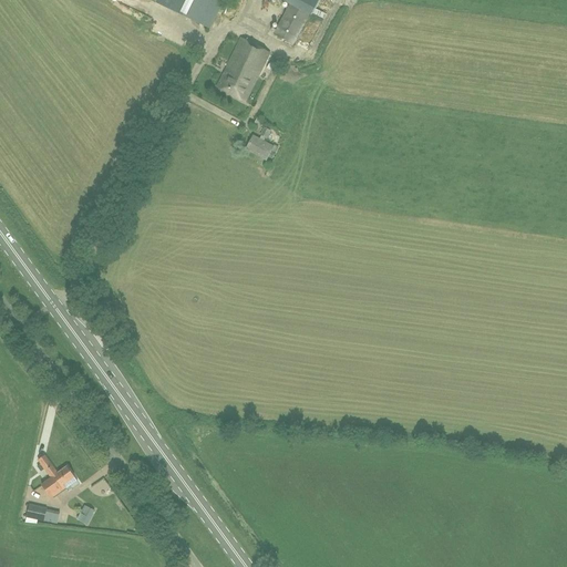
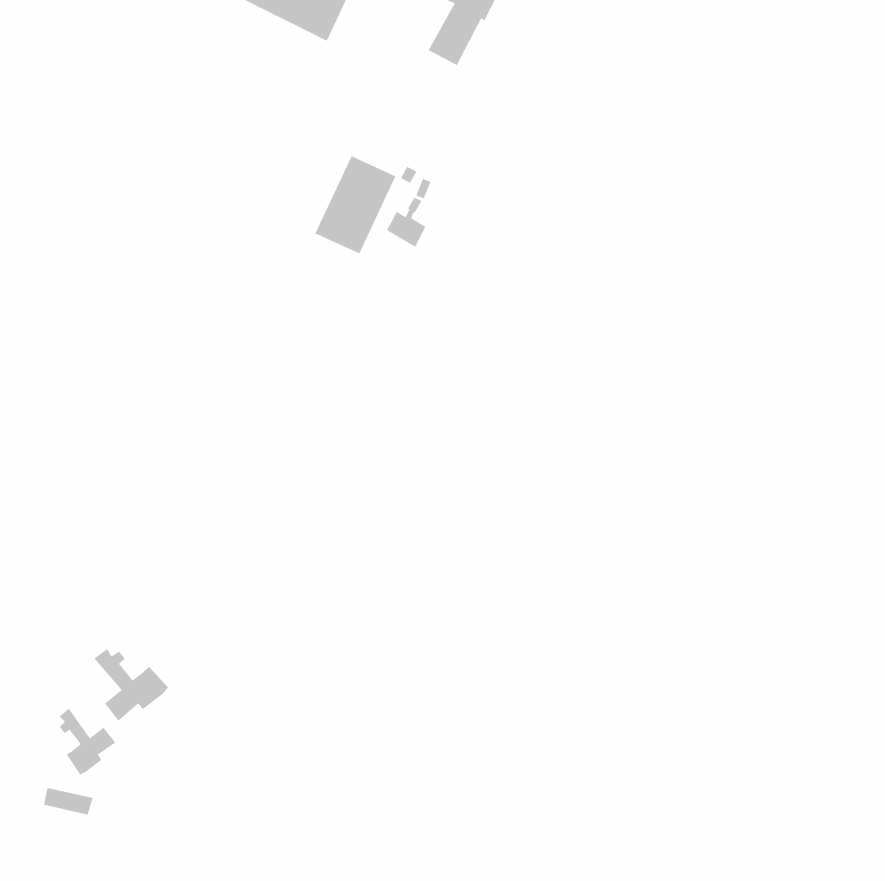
building: [217,37,269,100] -> [315,156,396,254]
building: none -> [94,648,169,722]

